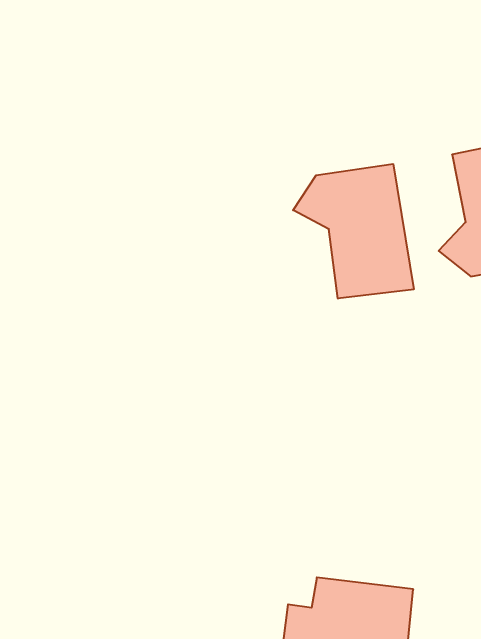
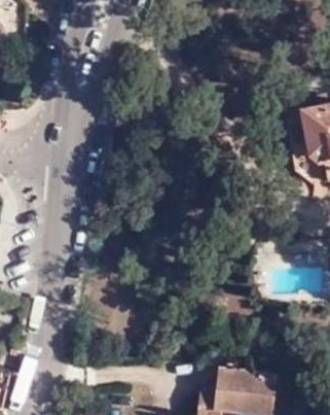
building: [293,164,414,299] -> none

